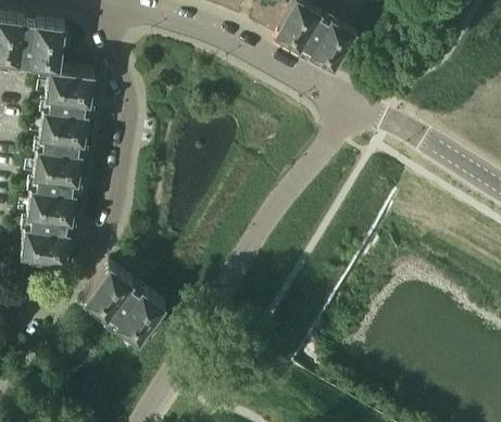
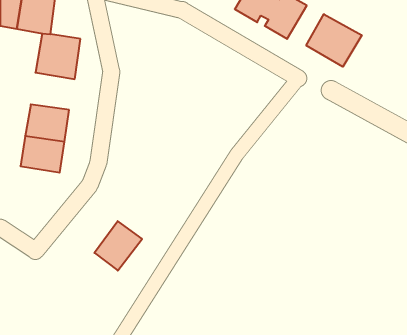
building: none -> [306,14,362,67]
building: [39,112,90,155] -> none
building: [23,220,73,260] -> none
building: [85,264,140,321] -> none

